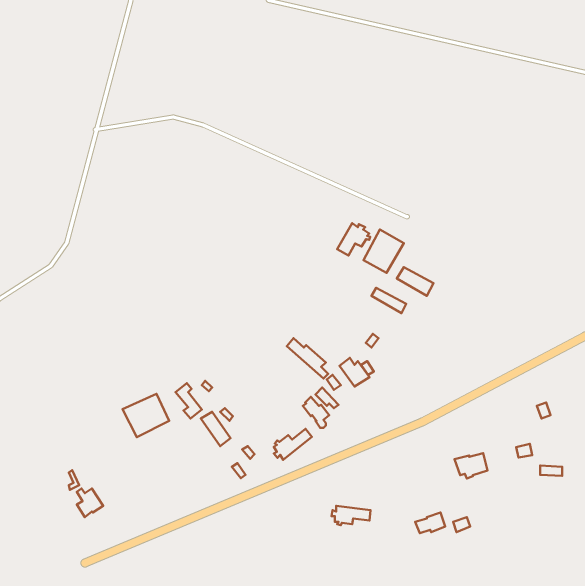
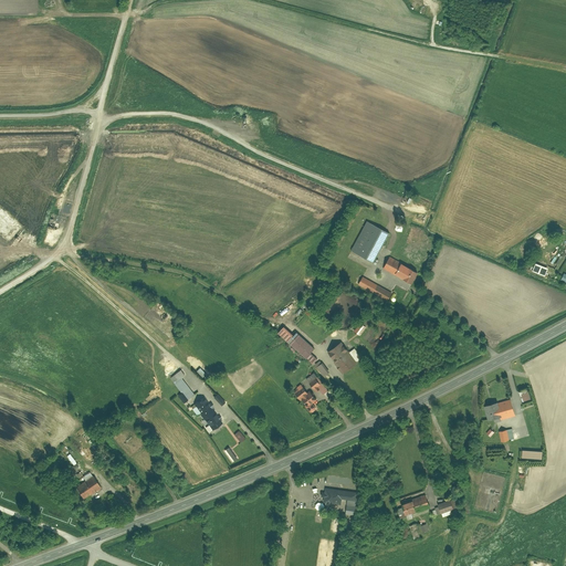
building: [337,223,370,256] -> none
building: [123,394,169,437] -> none
building: [274,429,312,460] -> none
building: [454,453,488,479] -> [482,399,514,423]

